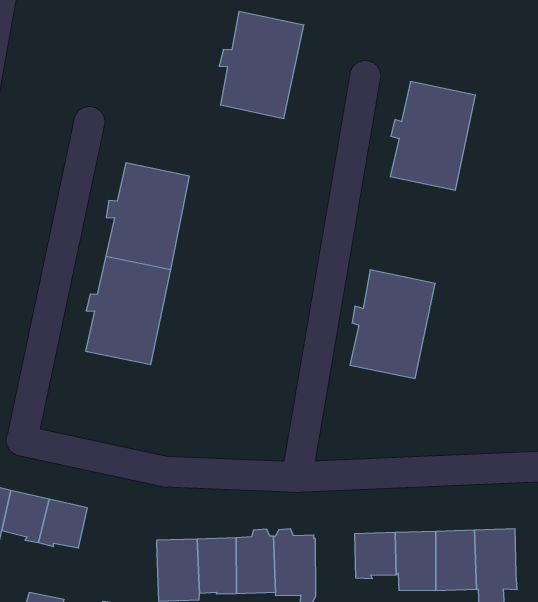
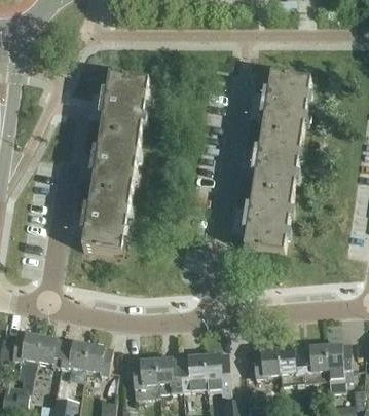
building: [219,11,304,118] -> [97,74,147,138]
building: none -> [250,131,300,195]
building: none -> [82,343,110,375]

